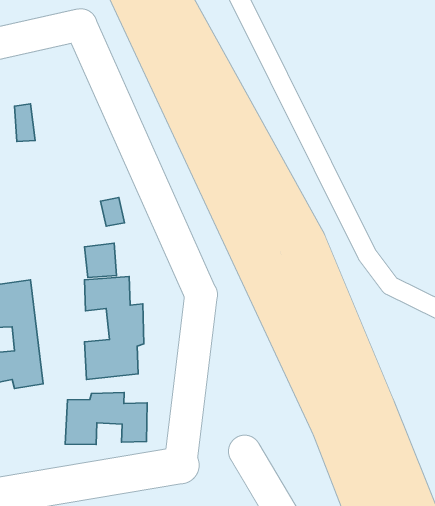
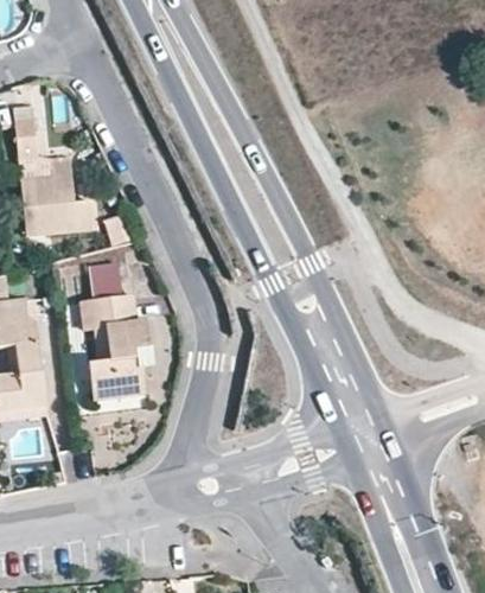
building: none -> [20,153,91,234]
building: [65,392,147,444] -> none

